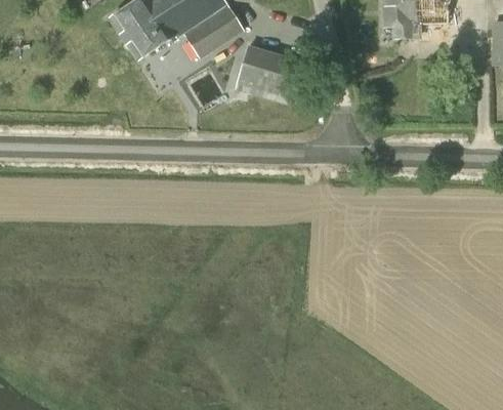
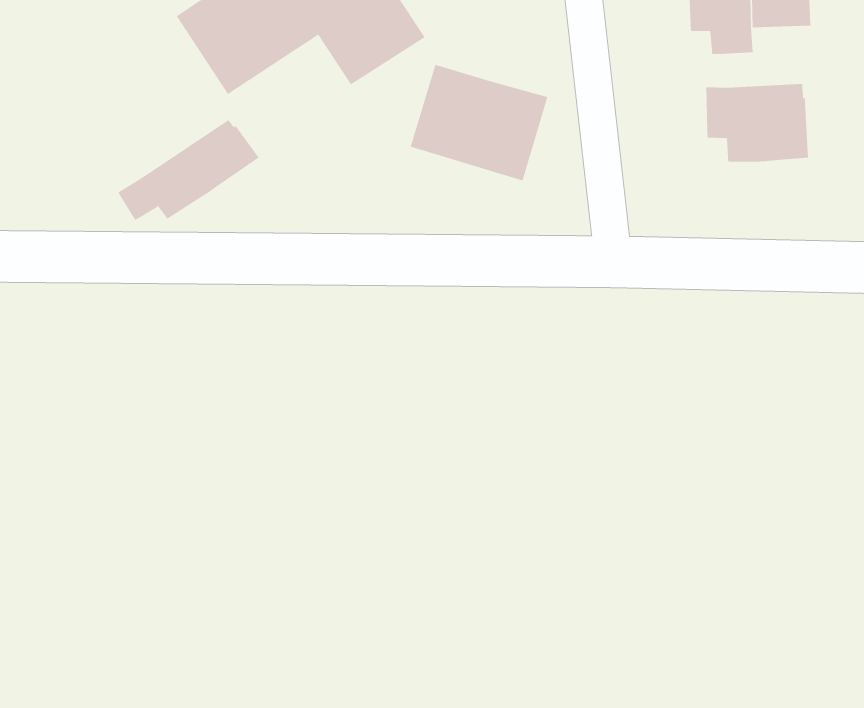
building: none -> [706,83,808,162]
building: none -> [117,119,259,221]

